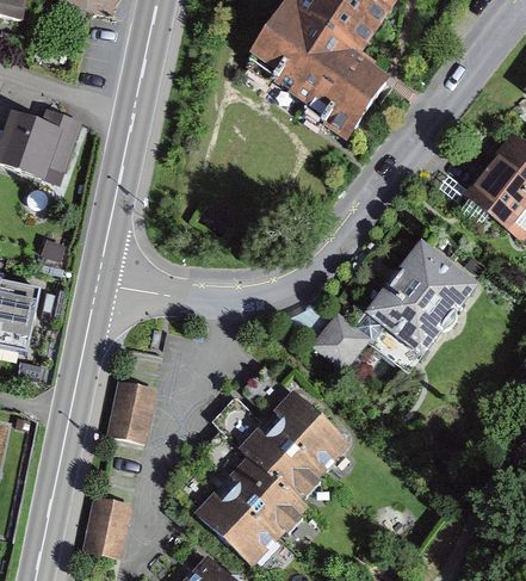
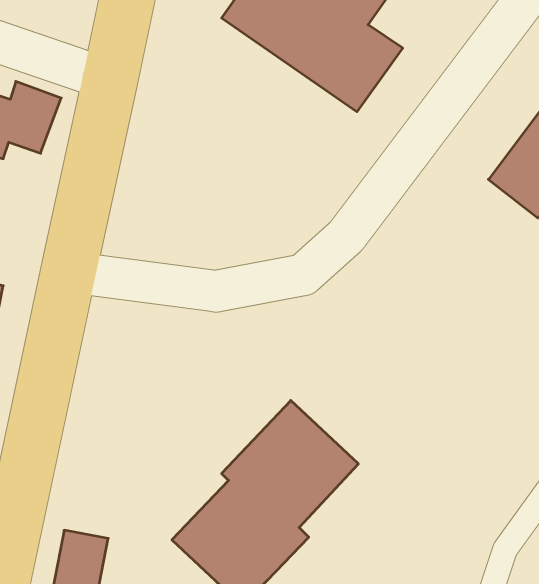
building: [359,239,477,358] -> none
building: [310,315,365,370] -> none
building: [111,381,159,440] -> none

